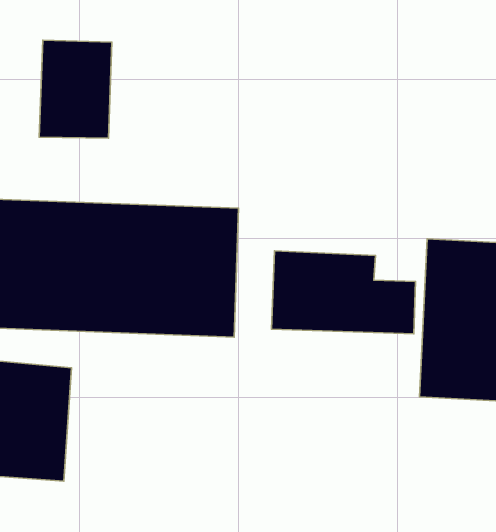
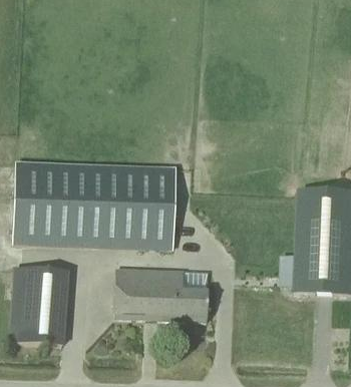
building: [39,40,112,138] -> none
building: [271,251,415,334] -> [113,267,208,321]

